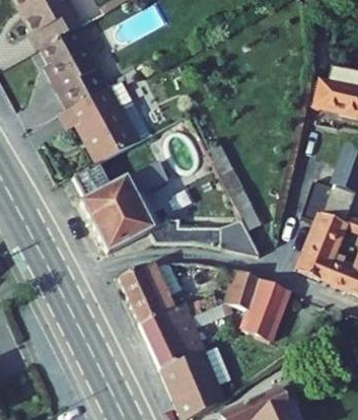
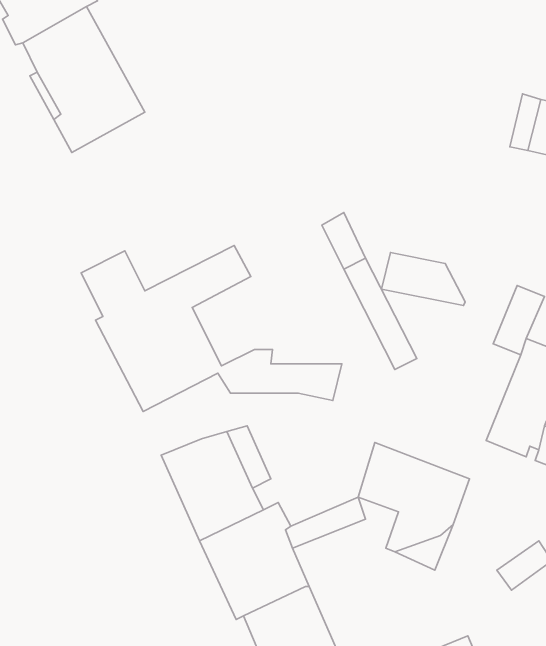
building: [59,79,151,162] -> none
building: [213,226,260,256] -> [381,253,465,305]

